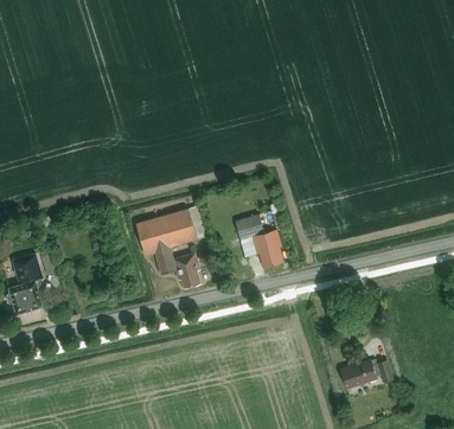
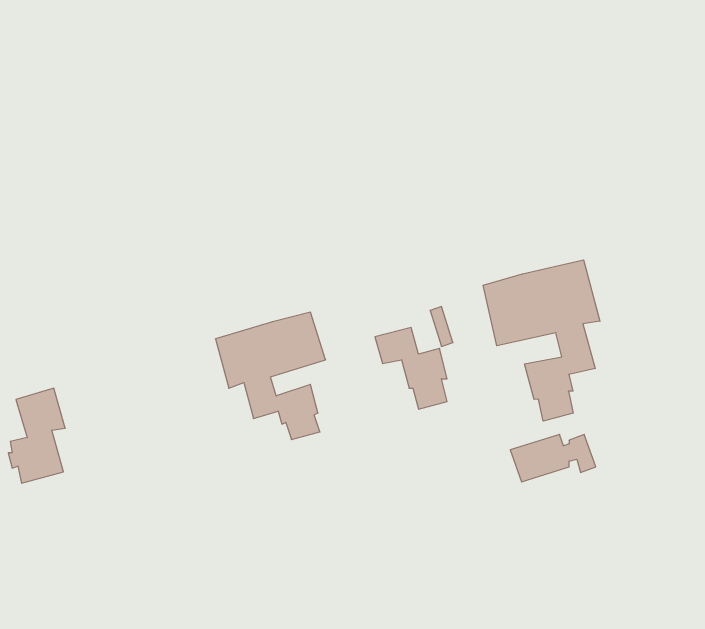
building: none -> [483,260,600,421]
building: [341,358,395,388] -> [510,434,596,482]

